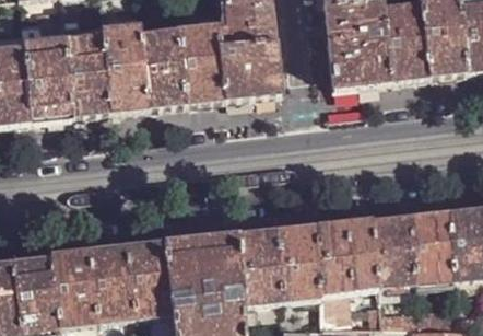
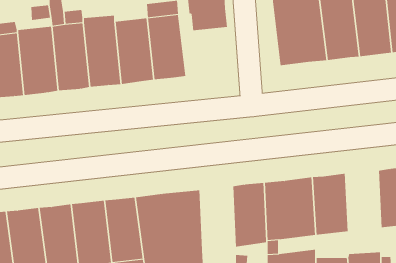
building: [215,26,279,100] -> none
building: [412,211,453,283] -> none
building: [240,230,282,305] -> none

